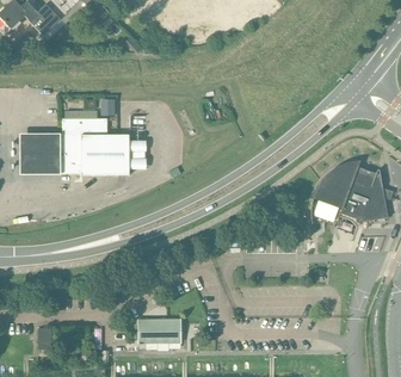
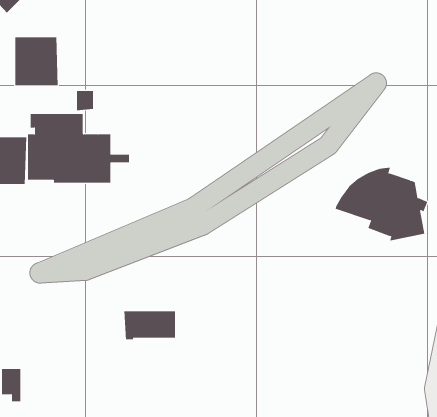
building: none -> [15,37,58,86]
building: [137,319,180,342] -> [124,311,176,340]

